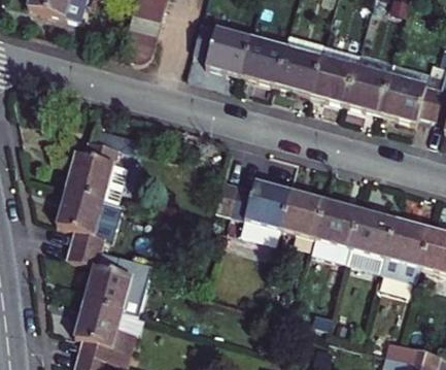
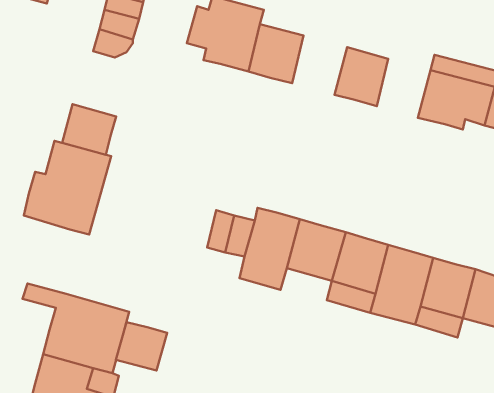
building: [281,31,329,93] -> none
building: [349,64,392,111] -> none
building: none -> [62,104,116,155]
building: [56,190,104,253] -> none
building: none -> [116,322,167,371]

